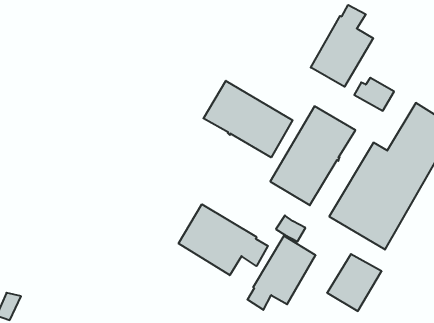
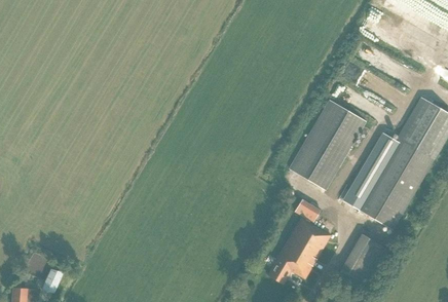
building: [311,5,373,87] -> none
building: [203,81,293,157] -> none
building: [179,204,268,275] -> none

